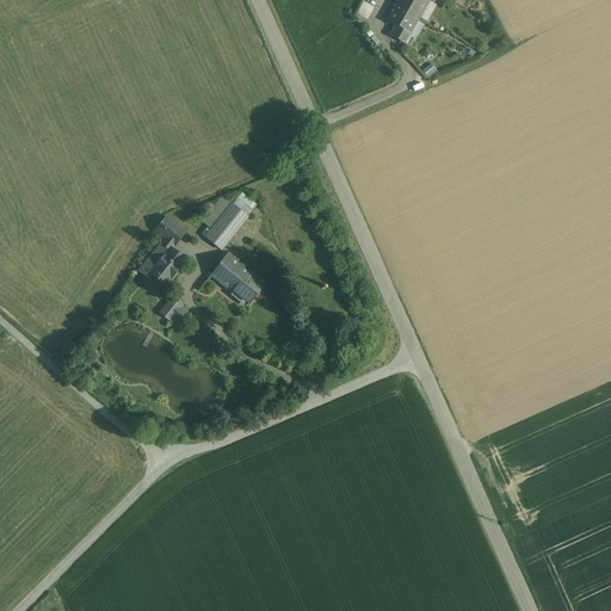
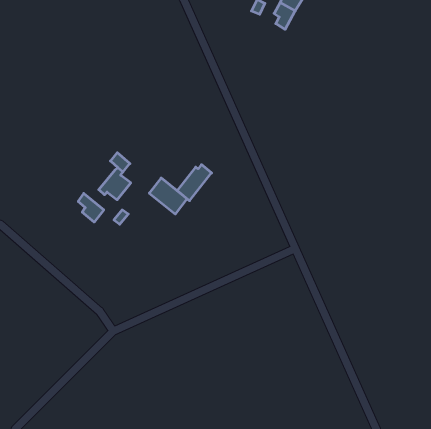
building: [203,197,252,248] -> [177,165,212,201]
building: none -> [78,193,104,222]

